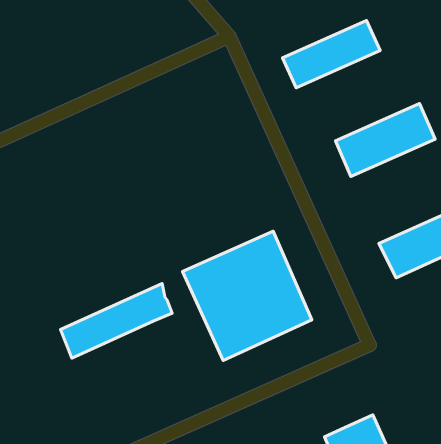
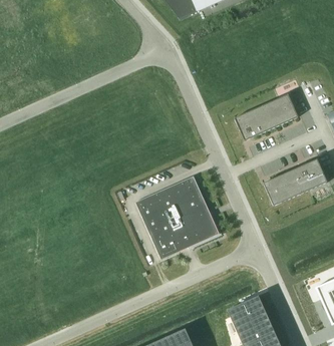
building: [282,20,380,88] -> none
building: [60,283,172,358] -> none

